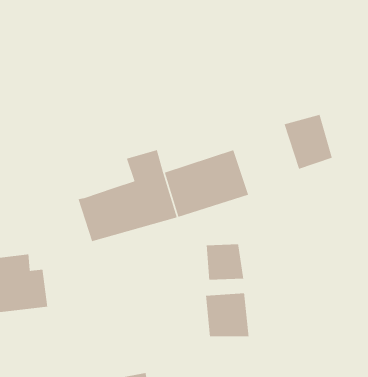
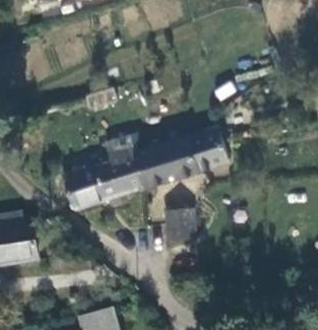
building: [283,114,333,170] -> [191,126,231,171]
building: [205,292,250,337] -> none

